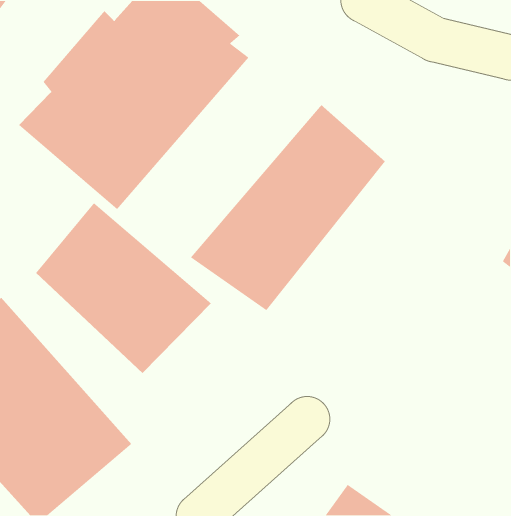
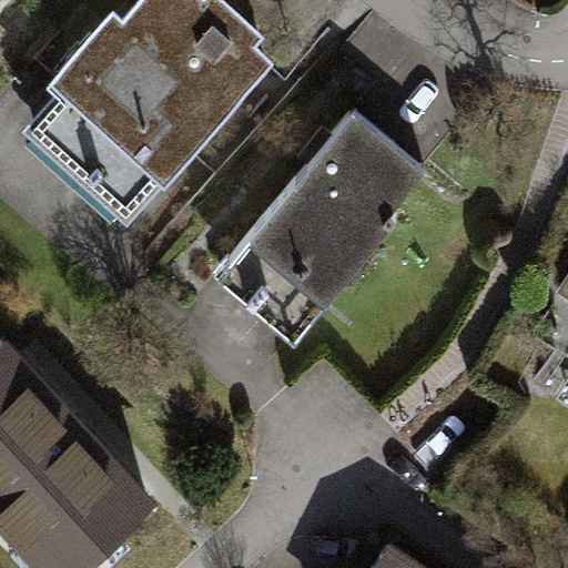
building: [35,202,212,374] -> none

